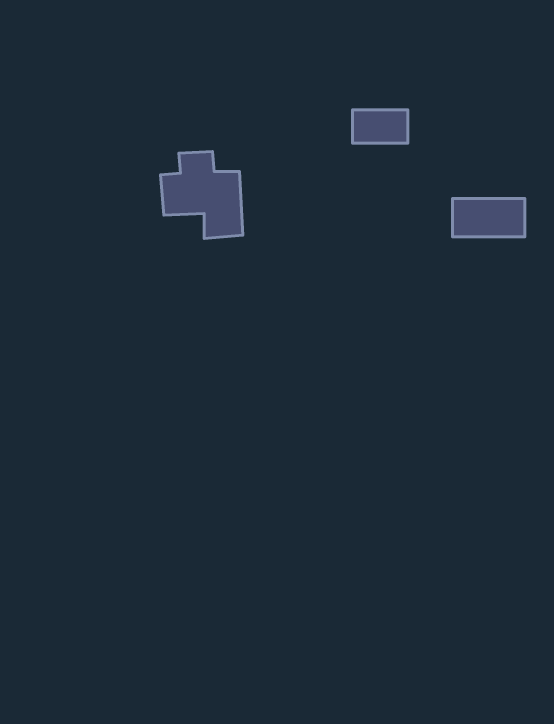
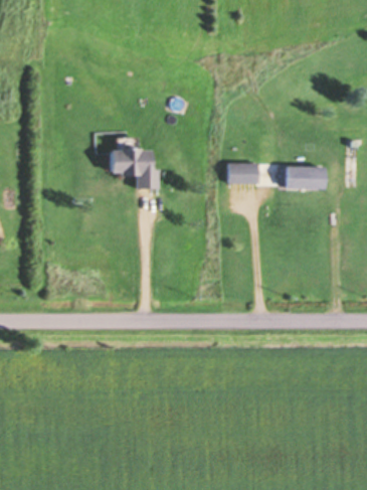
building: [352,110,408,143] -> [227,163,260,183]

